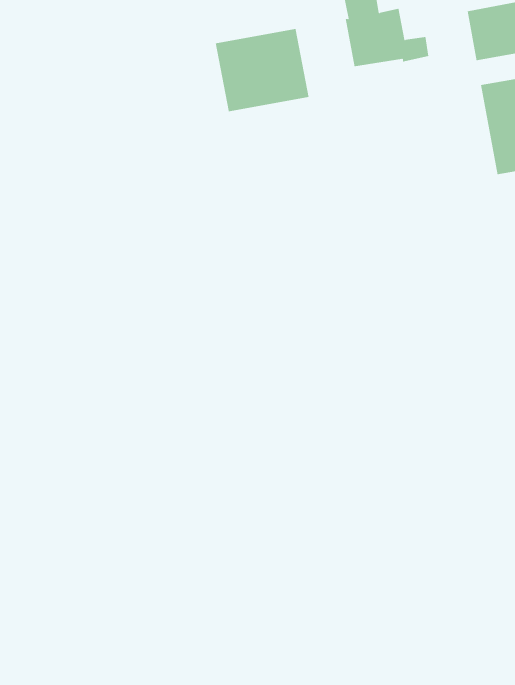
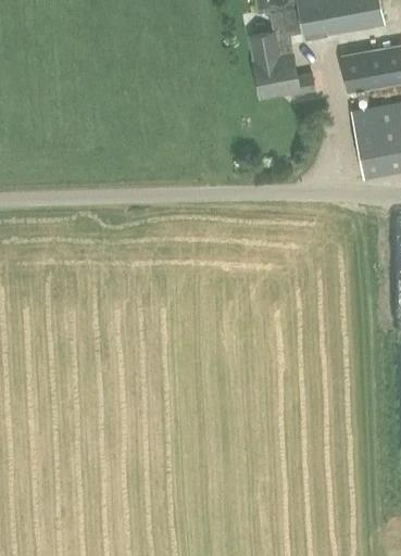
building: [215,28,309,112] -> none

